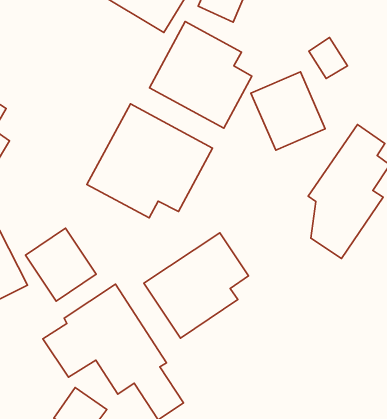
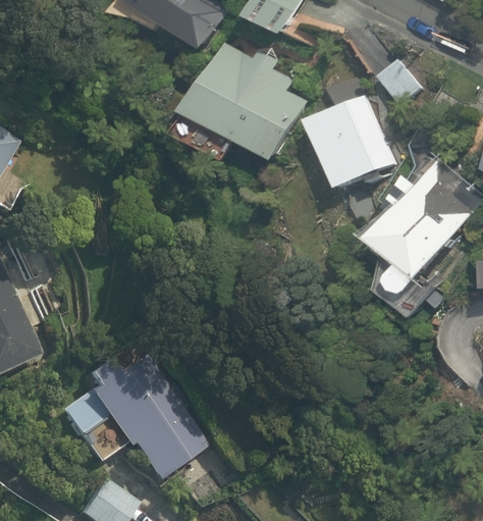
building: [87,104,212,218] -> none
building: [25,228,96,301] -> none
building: [144,233,248,338] -> none

